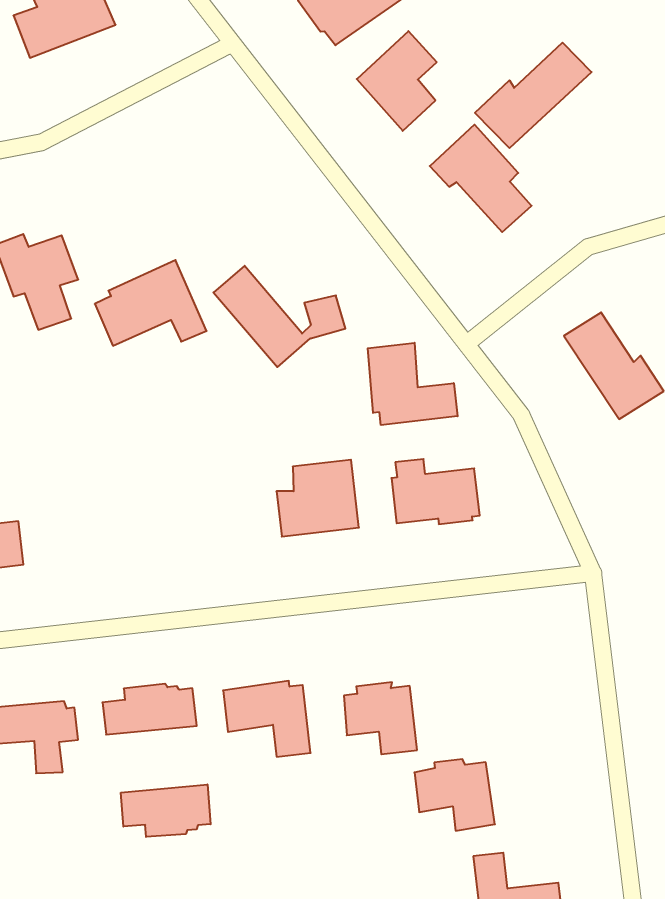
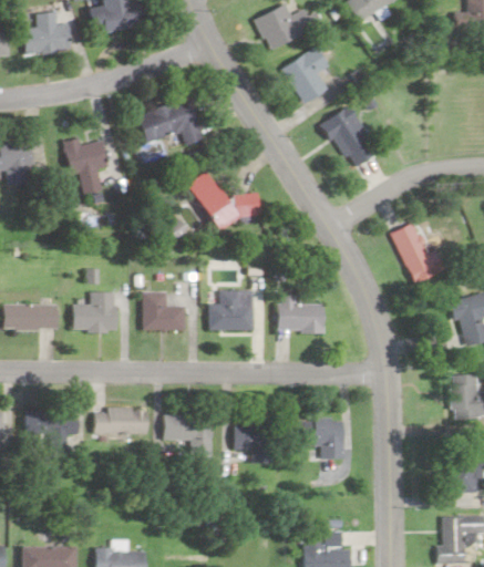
building: [475,43,592,148] -> none
building: [95,260,207,346] -> [141,95,204,143]
building: [368,343,458,425] -> none
building: none -> [144,291,186,330]
building: none -> [74,291,119,332]
building: [414,759,495,831] -> [302,417,346,458]
building: [121,784,211,837] -> none

